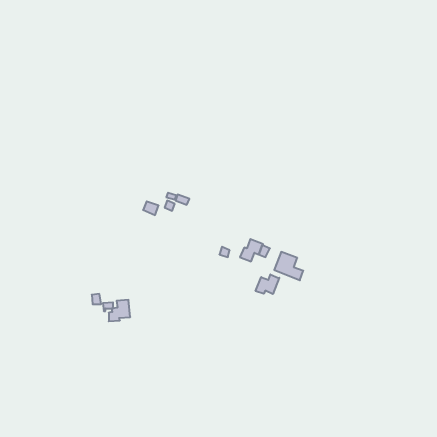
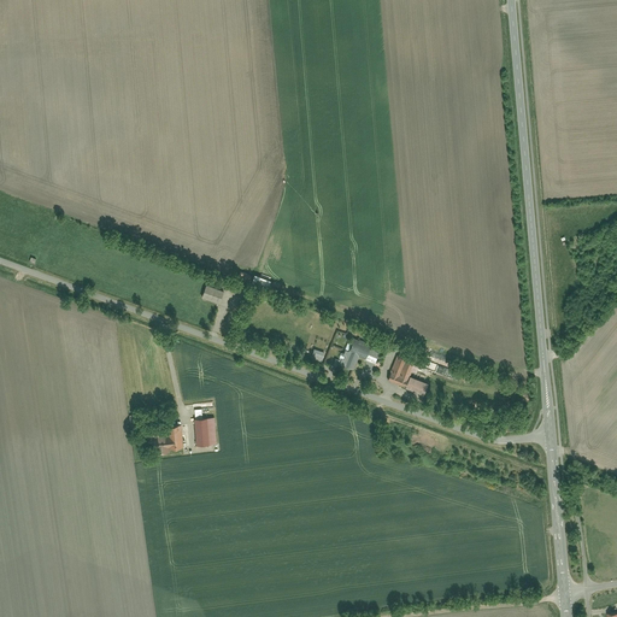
building: [256,274,279,294] -> none
building: none -> [193,417,216,449]

